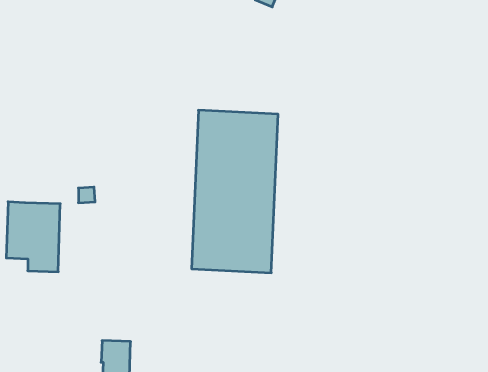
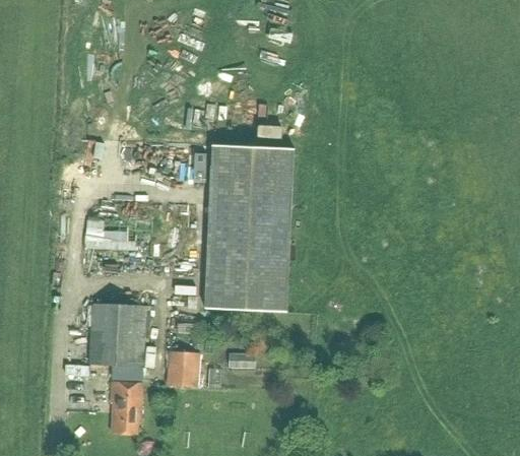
building: [6,202,60,272] -> [88,305,144,377]
building: none -> [165,351,199,387]

